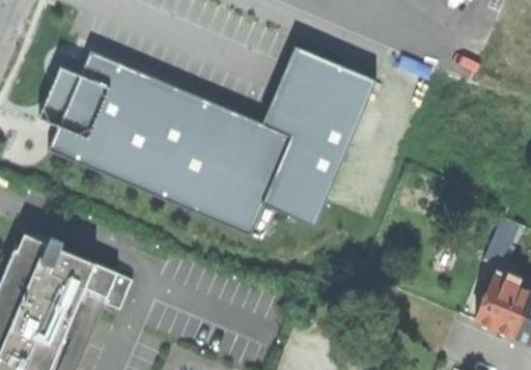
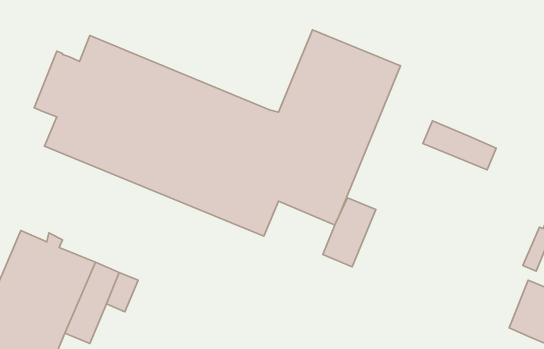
building: none -> [423,121,496,170]
building: none -> [323,198,376,267]

